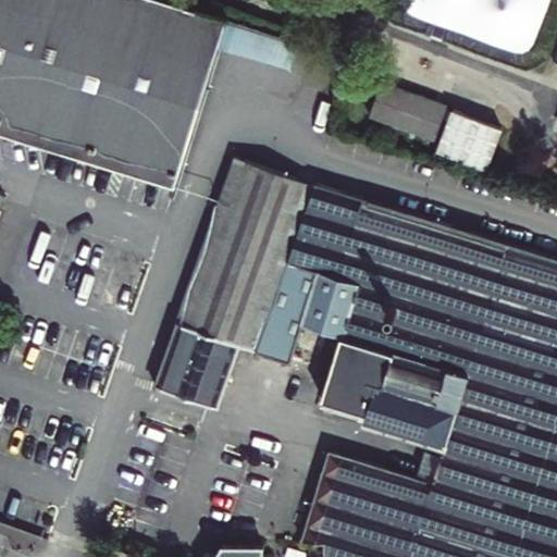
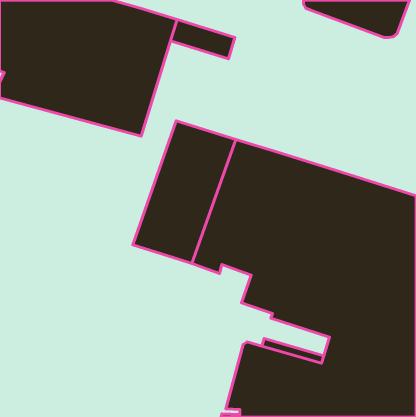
building: [368,86,445,143] -> none
building: [435,113,498,173] -> none
building: [154,326,239,412] -> none

